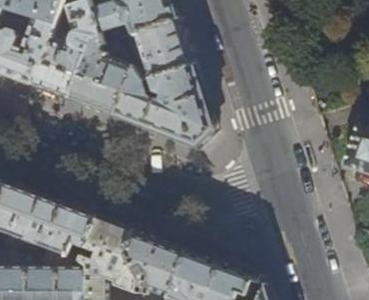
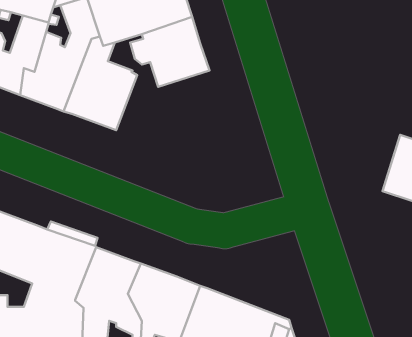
building: [112,64,213,146] -> none

